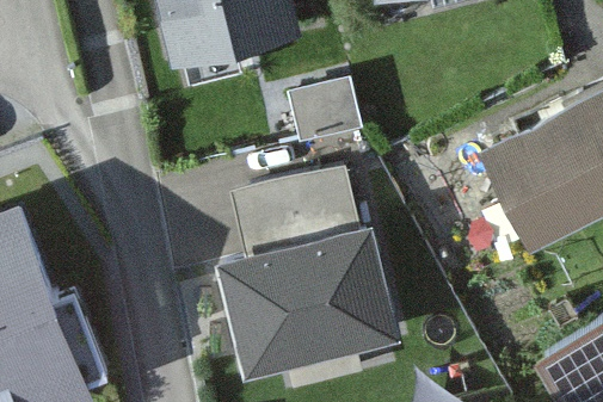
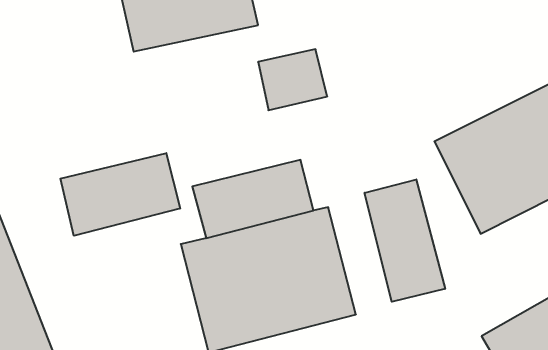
building: none -> [60,153,180,236]
building: none -> [365,179,445,302]

